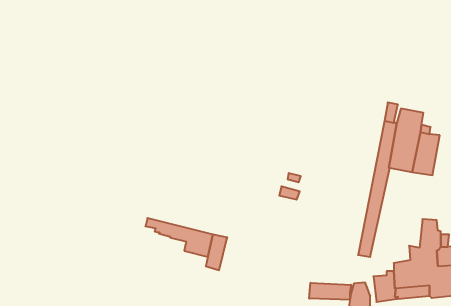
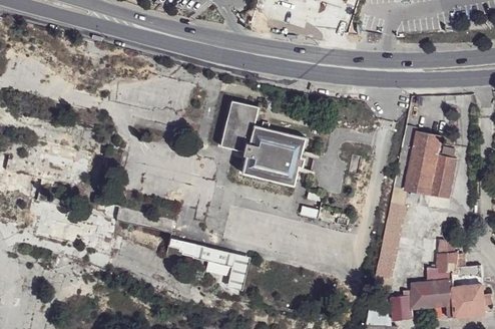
building: none -> [218,99,305,188]
building: [309,283,351,300] -> none

